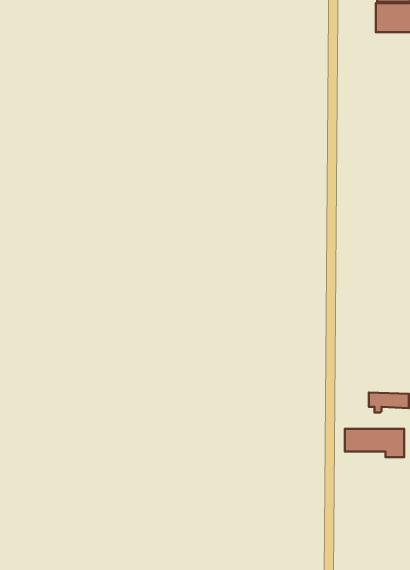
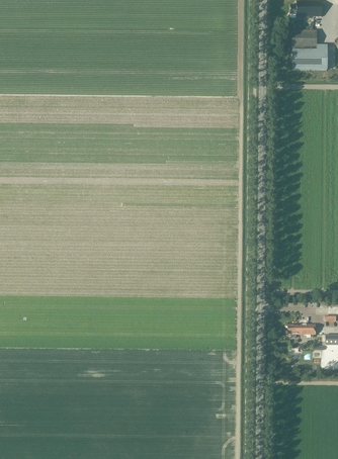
building: [345,429,404,457] -> none

